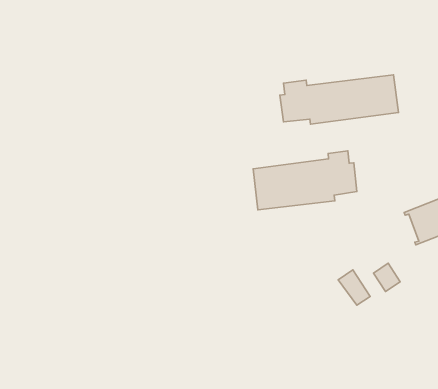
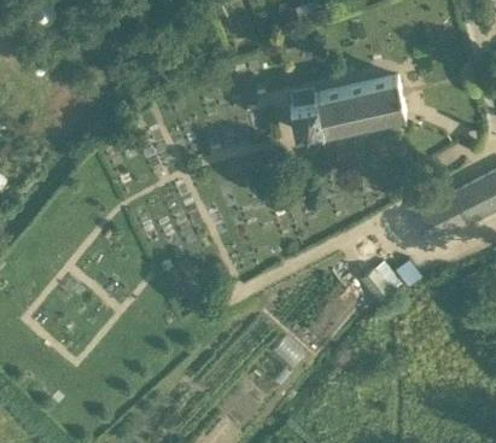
building: [253,151,357,210] -> none

